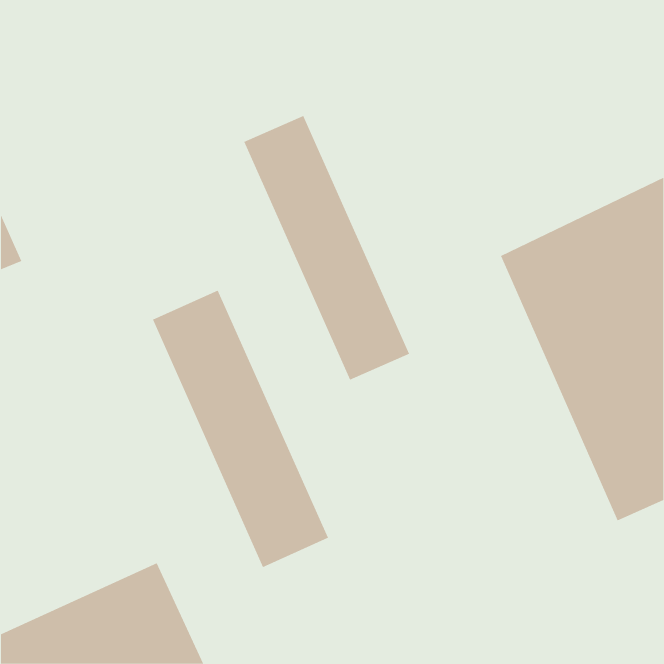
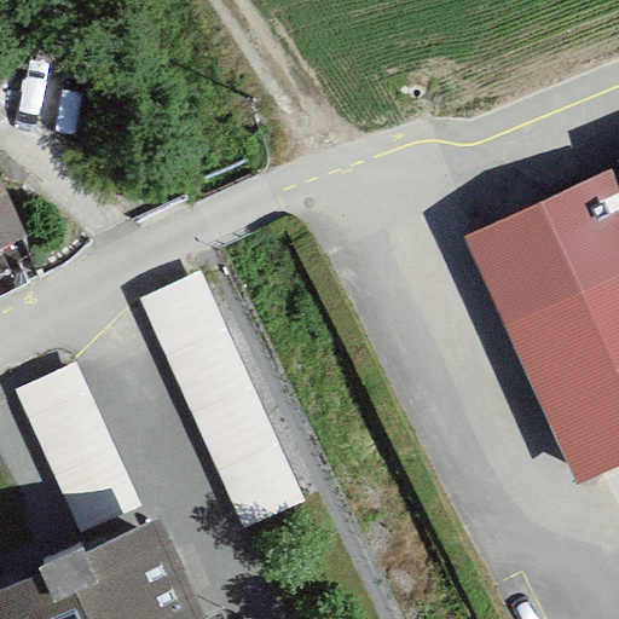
building: [244,115,410,380] -> none
building: none -> [16,361,141,532]

